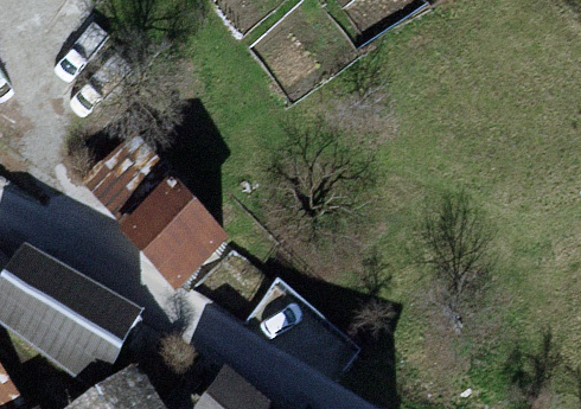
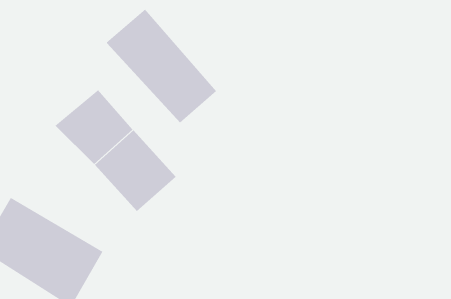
building: none -> [106,8,217,124]

